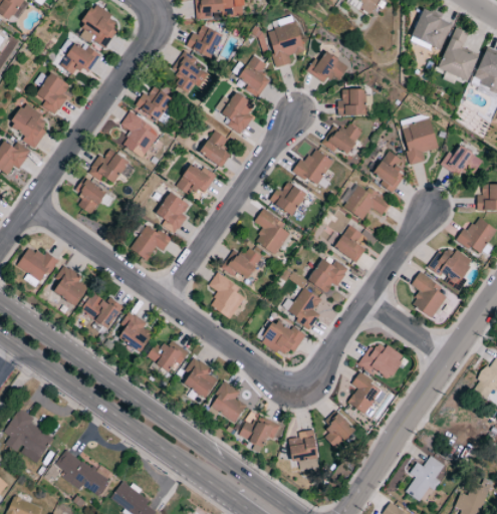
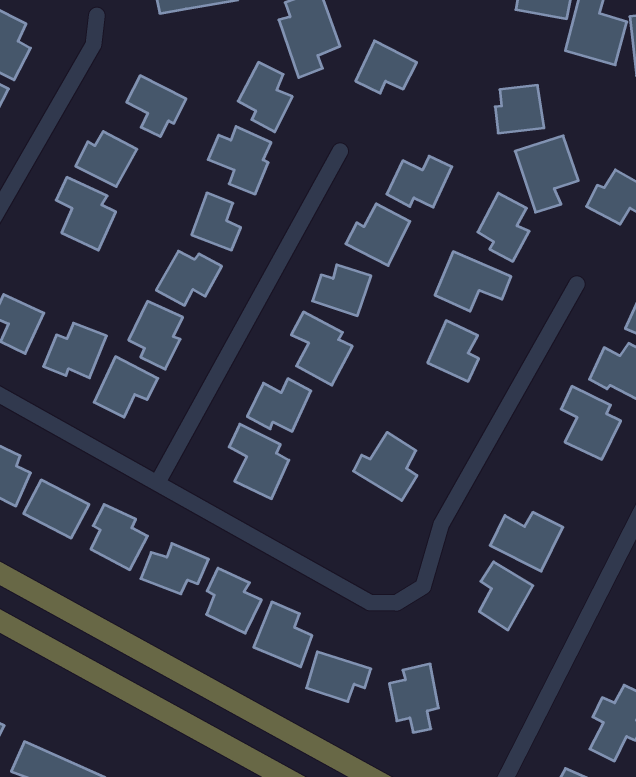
building: [186,25,222,58] -> none
building: [338,89,366,115] -> [495,85,544,133]
building: [88,150,129,184] -> [43,323,107,378]
building: [308,255,348,292] -> none
building: [260,319,305,359] -> none
building: [323,411,355,450] -> none

